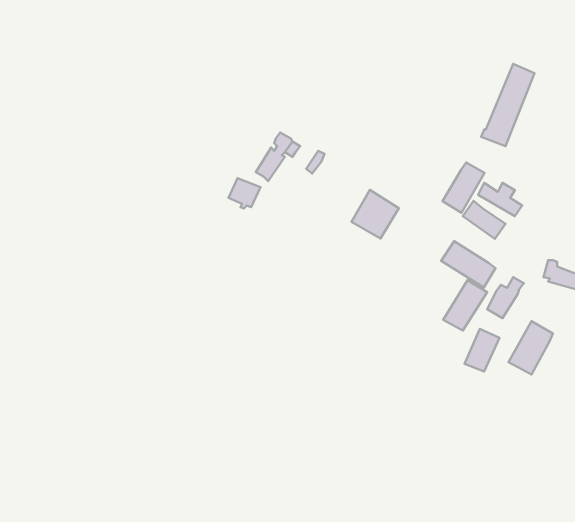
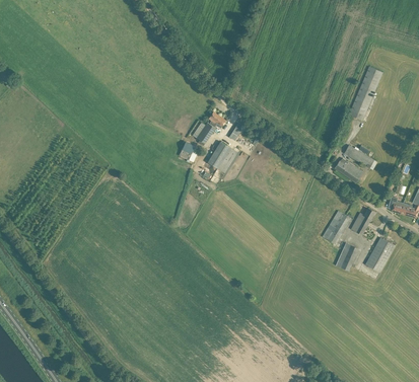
building: [442,163,485,213] -> none
building: [352,190,399,239] -> [207,141,238,173]
building: [441,241,495,287] -> none

